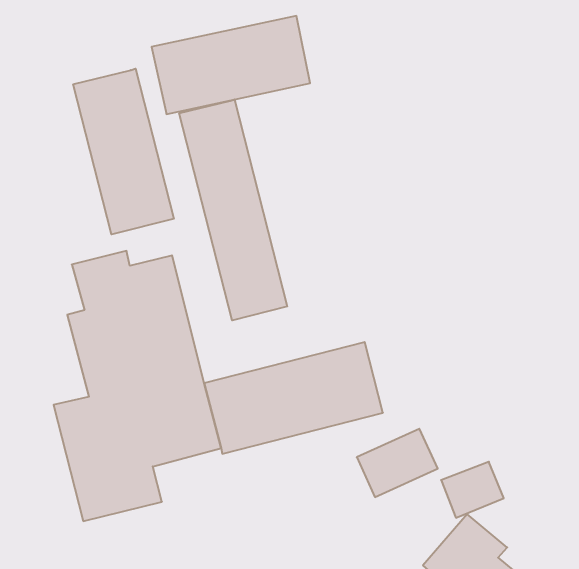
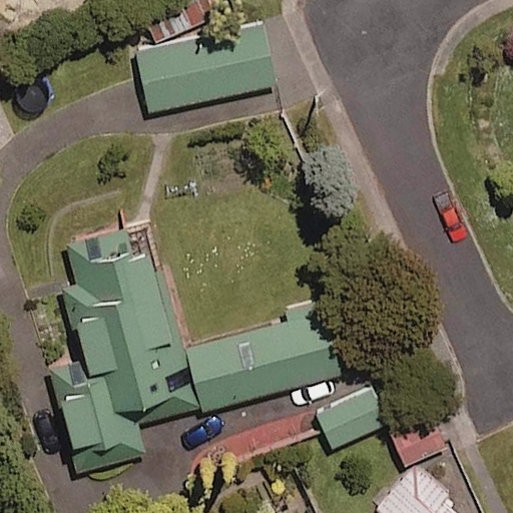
building: [73,69,174,234] -> none
building: [179,99,287,320] -> none

